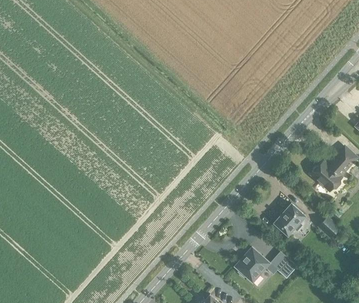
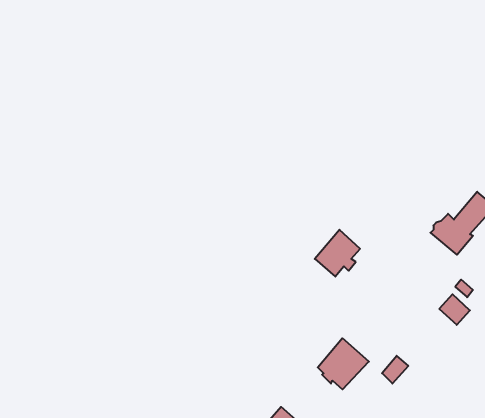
building: [274,203,305,235] -> [315,230,360,277]

